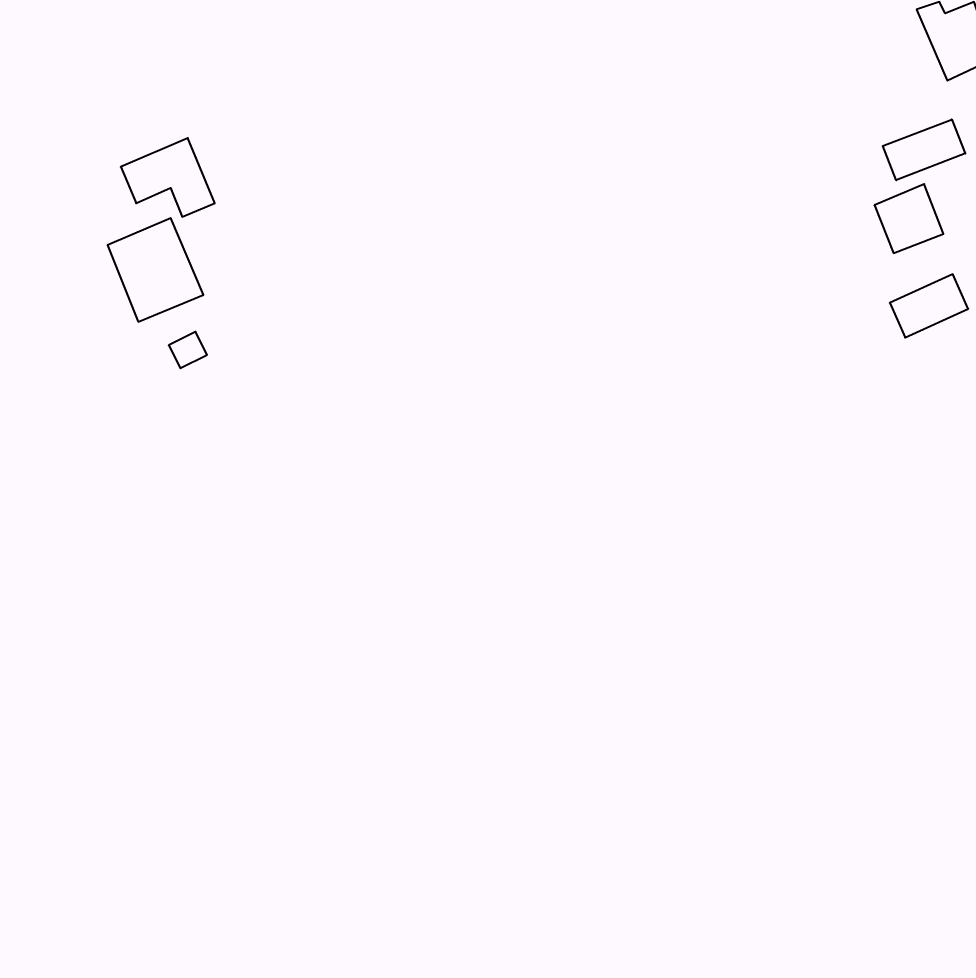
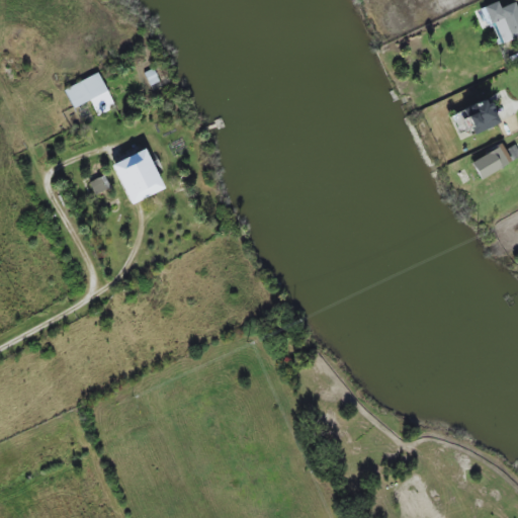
building: [883,119,965,180] -> none
building: [108,218,203,322] -> [113,149,164,203]

